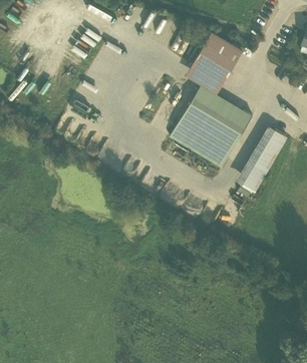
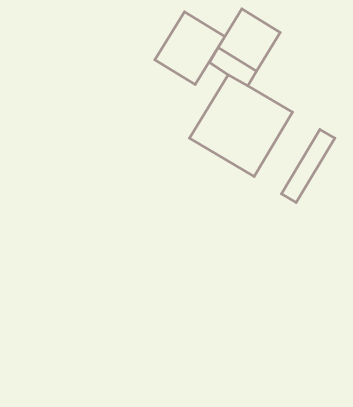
building: none -> [155,12,225,85]
building: [235,124,274,191] -> none

